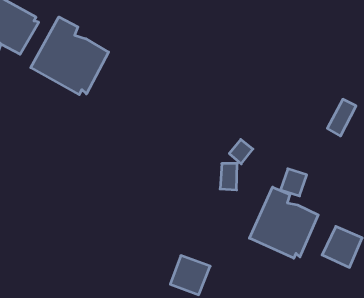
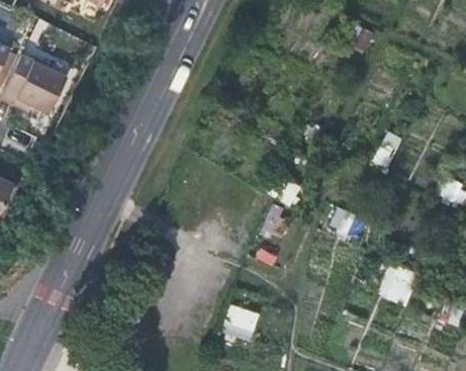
building: [31,17,109,95] -> none
building: [249,187,318,258] -> none

